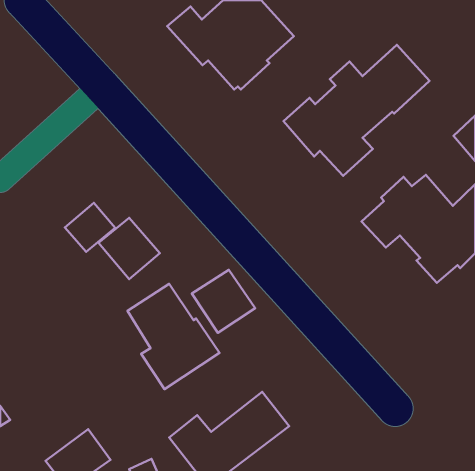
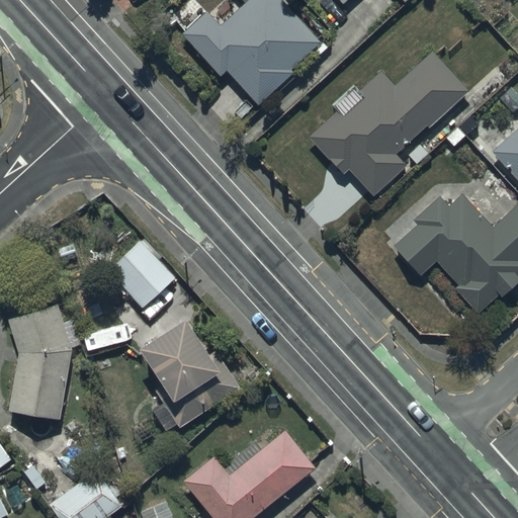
building: [65,203,115,252] -> none
building: [192,270,255,333] -> none
building: none -> [6,305,71,418]

